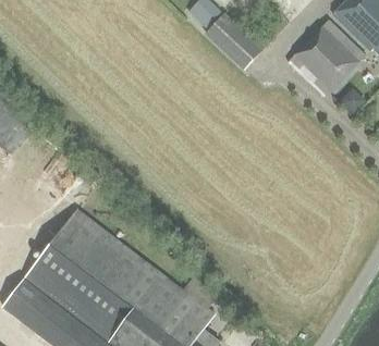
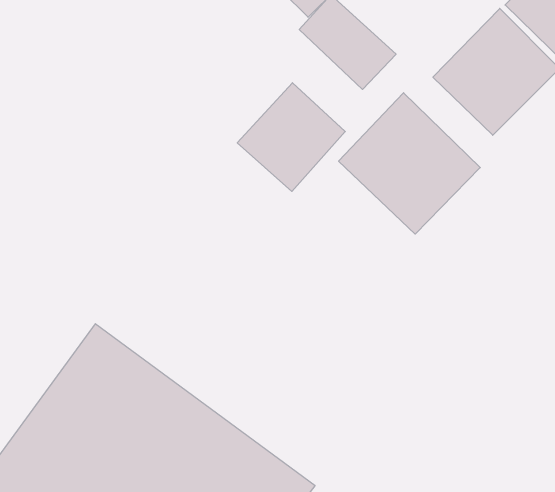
building: none -> [237,83,345,191]
building: none -> [339,93,480,234]

